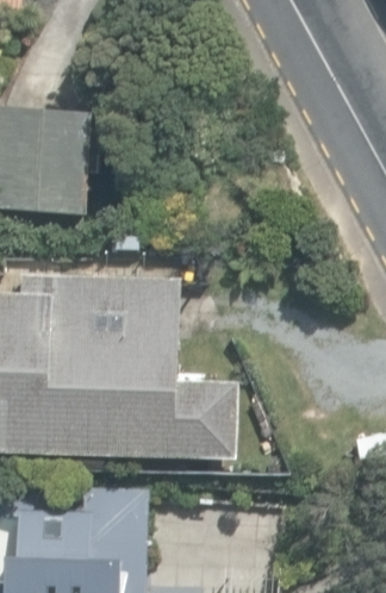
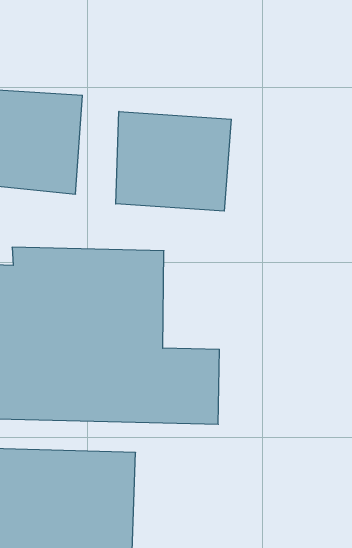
building: none -> [116,111,231,211]

